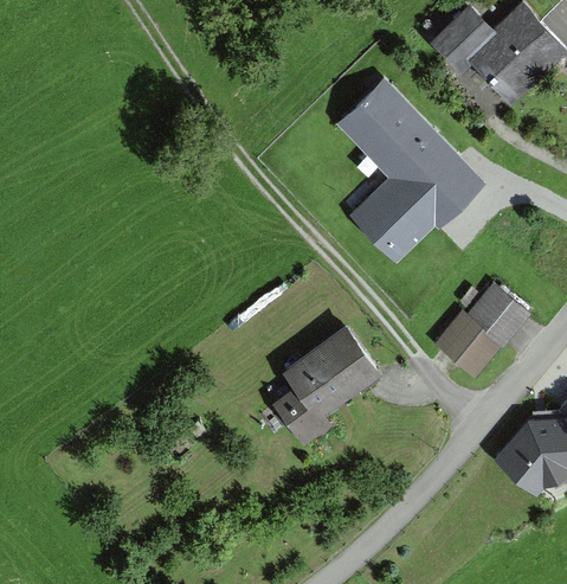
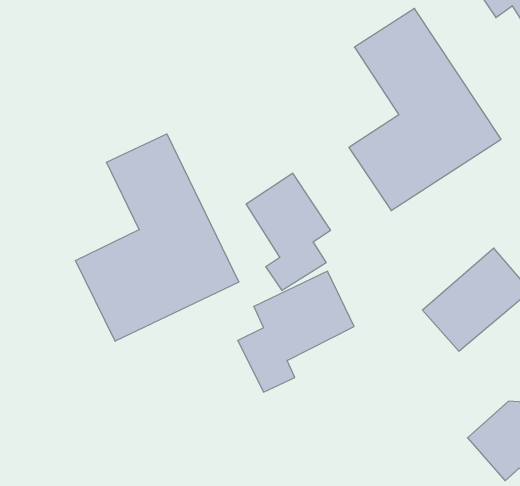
building: none -> [76,134,239,341]
building: none -> [246,173,331,291]

